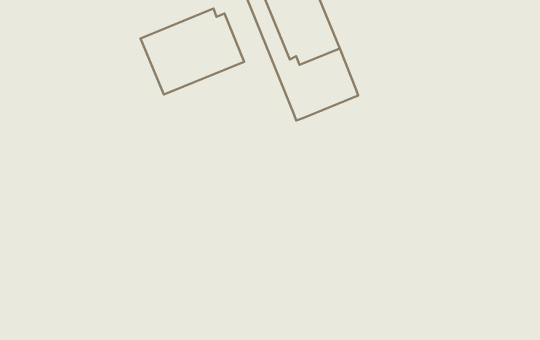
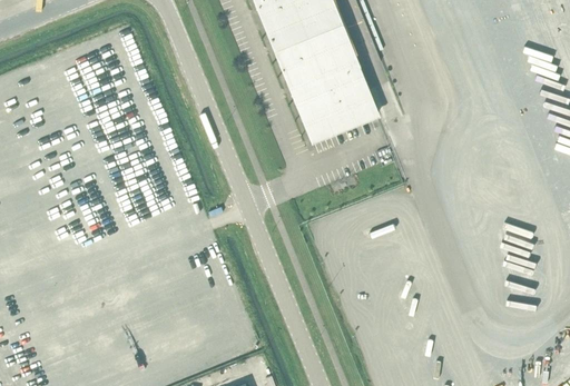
building: [141,9,244,94] -> none

